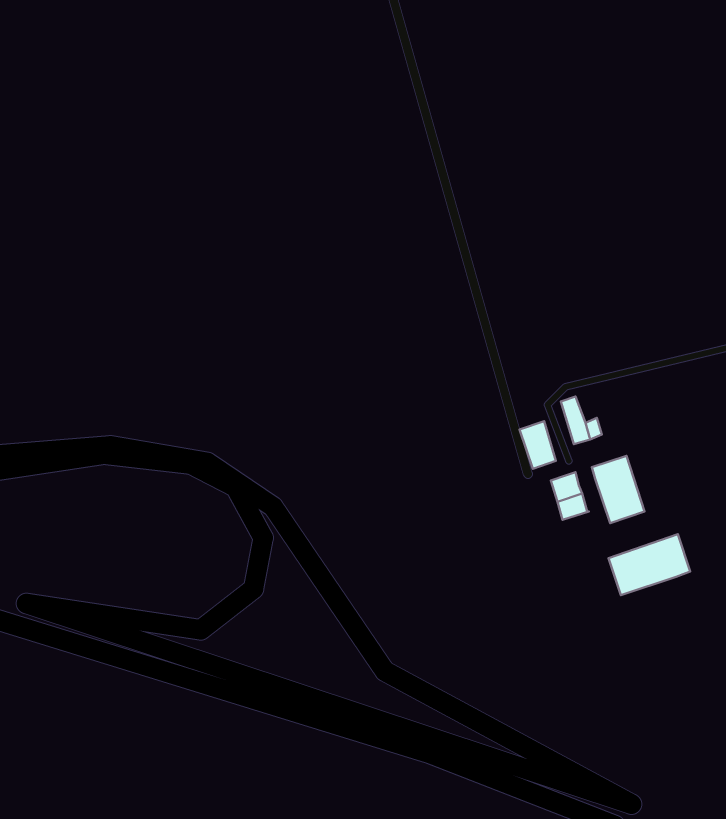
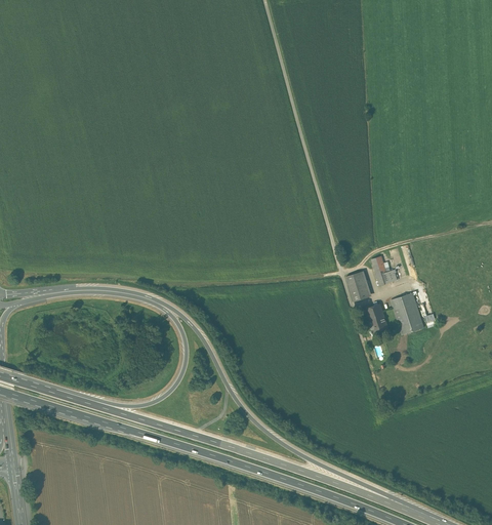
building: [608,534,690,595] -> none

